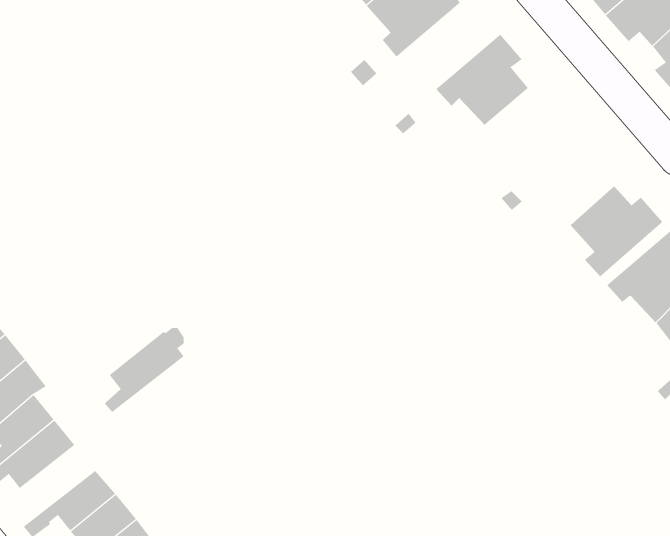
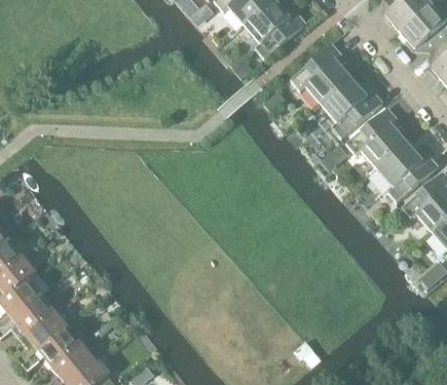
building: none -> [321,78,381,138]
building: none -> [344,107,405,167]
building: [104,328,185,413] -> [15,308,68,363]

